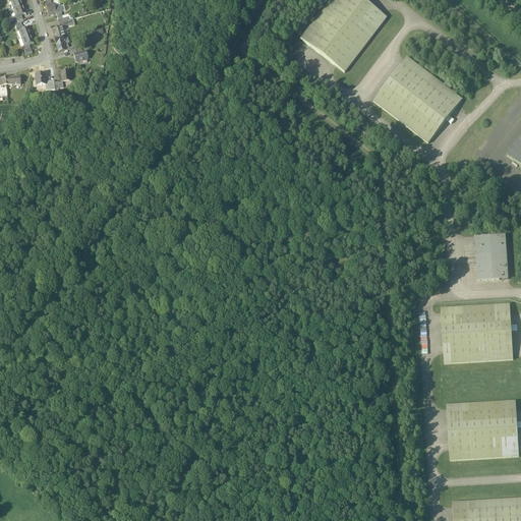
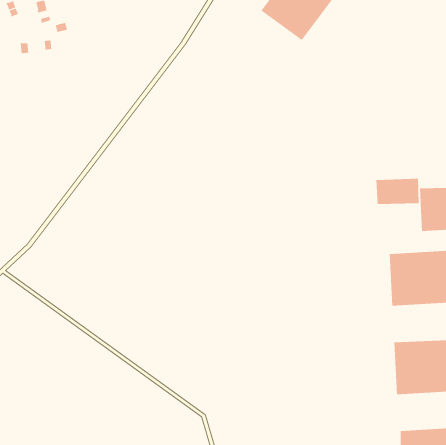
building: [372,54,462,141] -> none
building: none -> [376,178,419,205]

